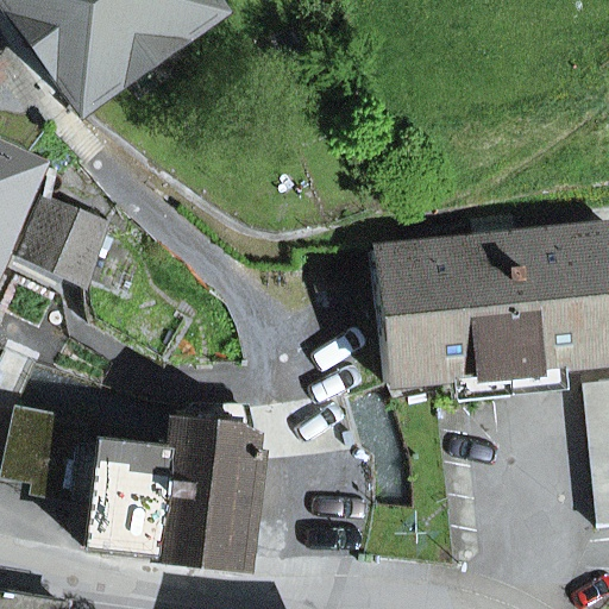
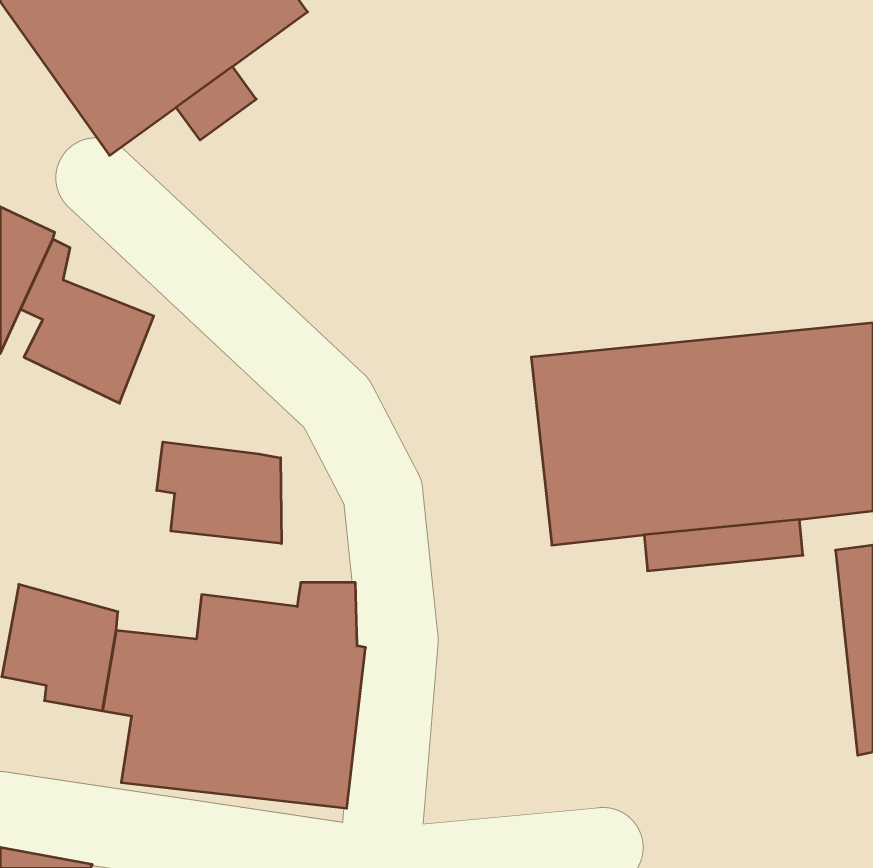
building: none -> [157,442,281,544]

